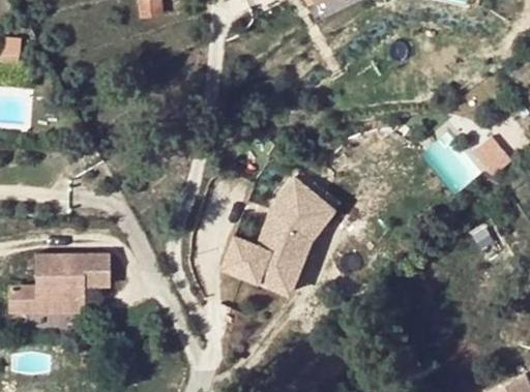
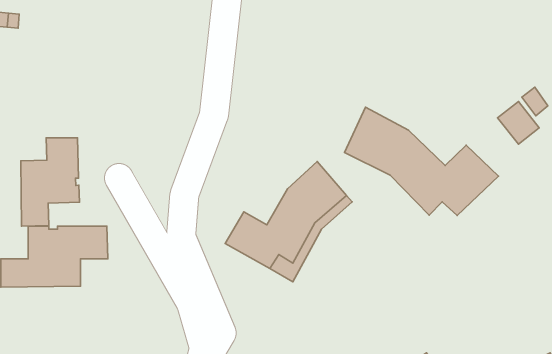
building: none -> [344,107,499,215]
building: none -> [21,138,79,226]

